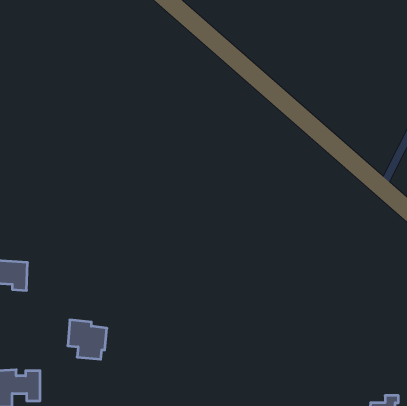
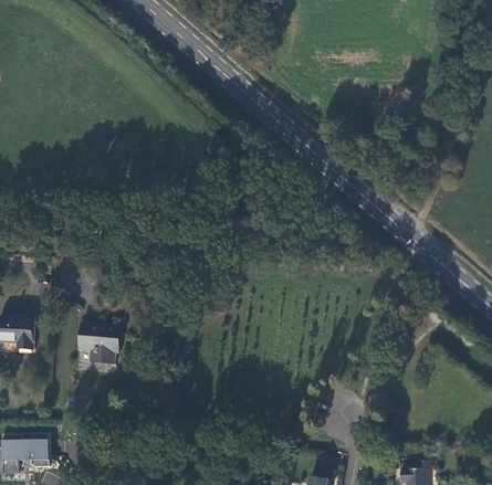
building: [68,320,107,359] -> [76,323,118,365]

